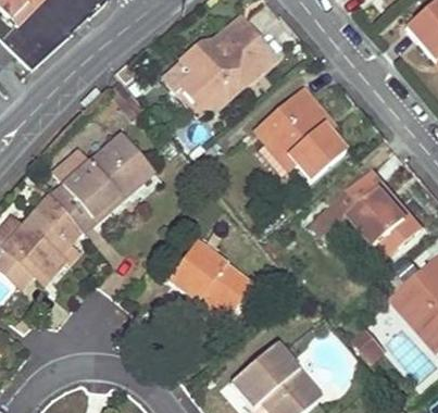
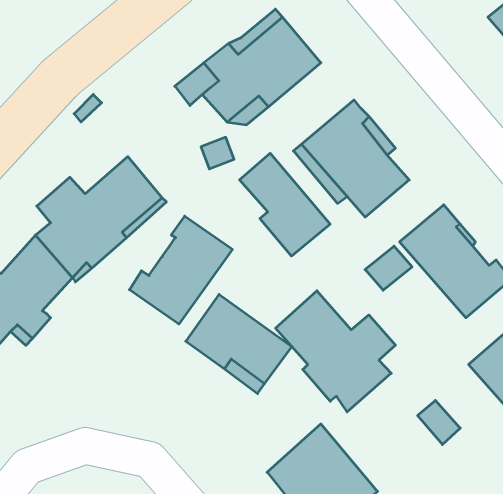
building: none -> [240,153,330,256]
building: none -> [129,216,232,324]
building: none -> [276,291,395,412]

